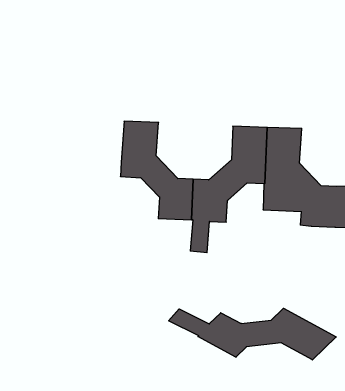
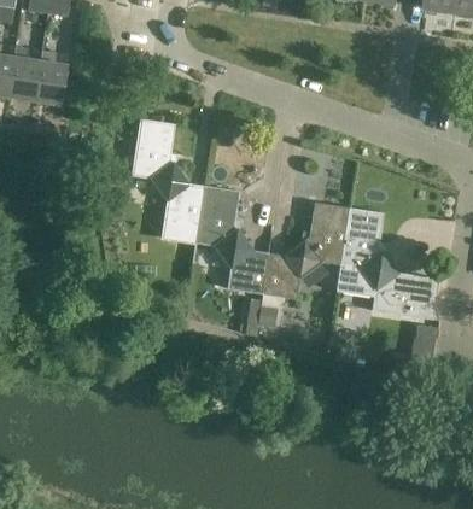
building: none -> [129,118,203,227]
building: [169,308,336,360] -> none

